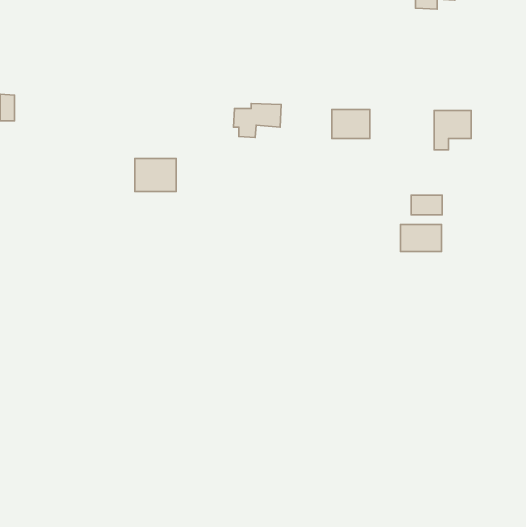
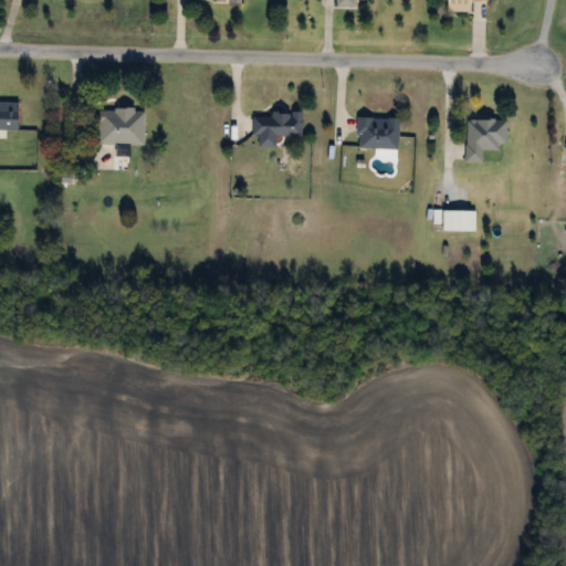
building: [135,158,176,191] -> [99,108,144,144]
building: [401,225,441,251] -> none

